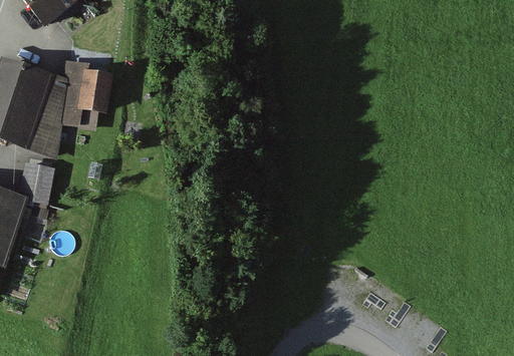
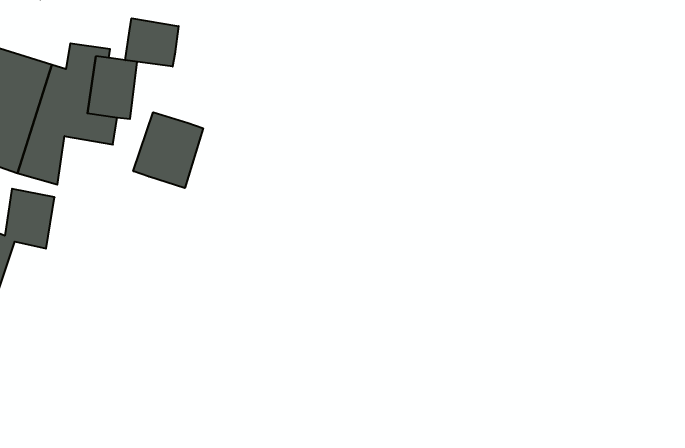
building: none -> [125,18,179,67]
building: none -> [133,112,203,188]

